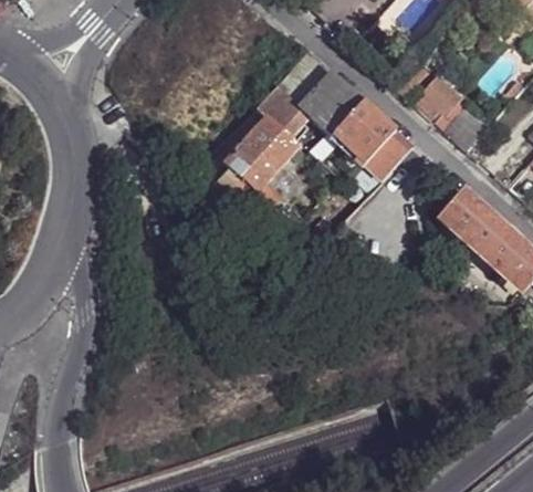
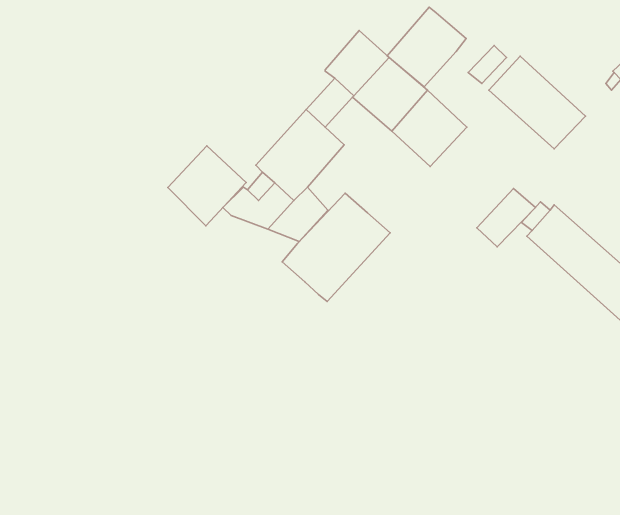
building: none -> [387,7,466,87]
building: [366,130,414,178] -> [477,188,535,247]
building: none -> [168,146,246,226]
building: none -> [282,193,390,302]

